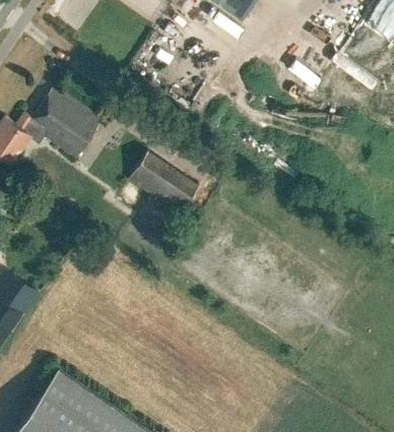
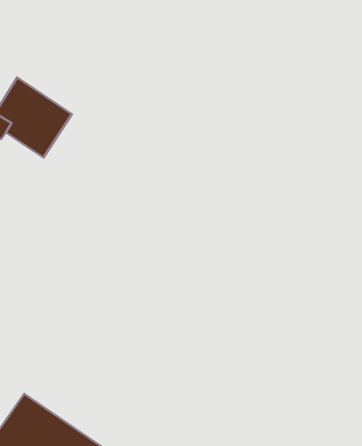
building: [123,149,197,215] -> none

